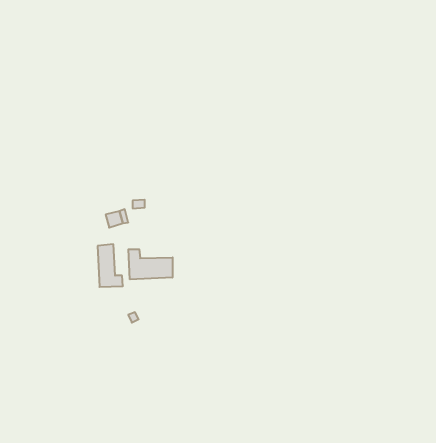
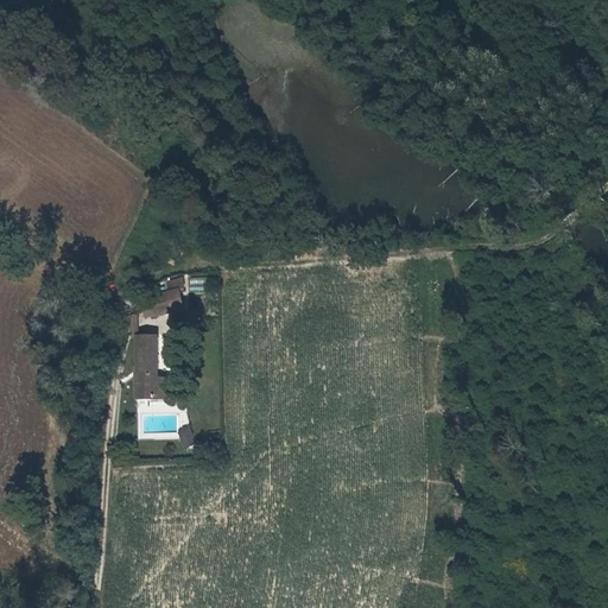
building: [128,249,173,279] -> none

